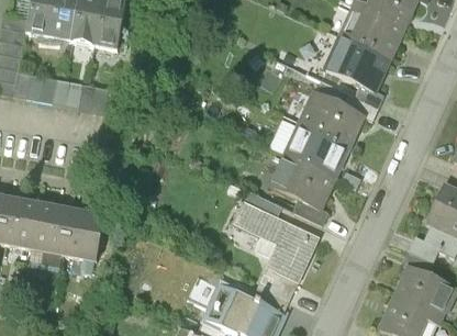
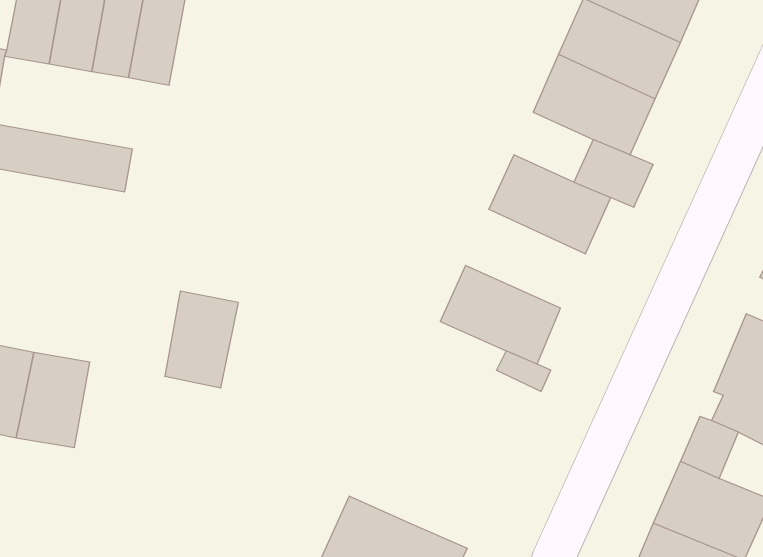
building: [285,120,353,176] -> none
building: [233,202,320,312] -> none
building: [63,206,104,261] -> [165,291,238,388]

